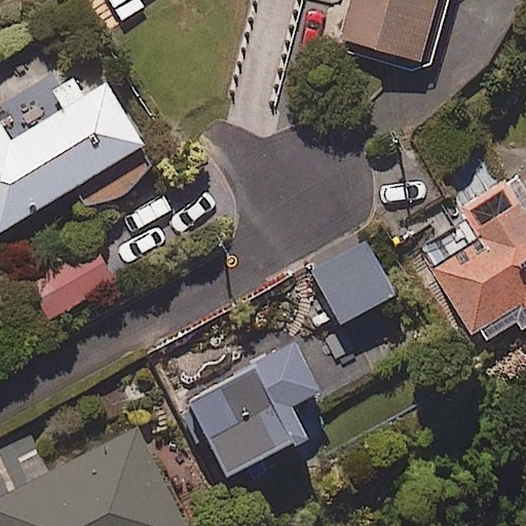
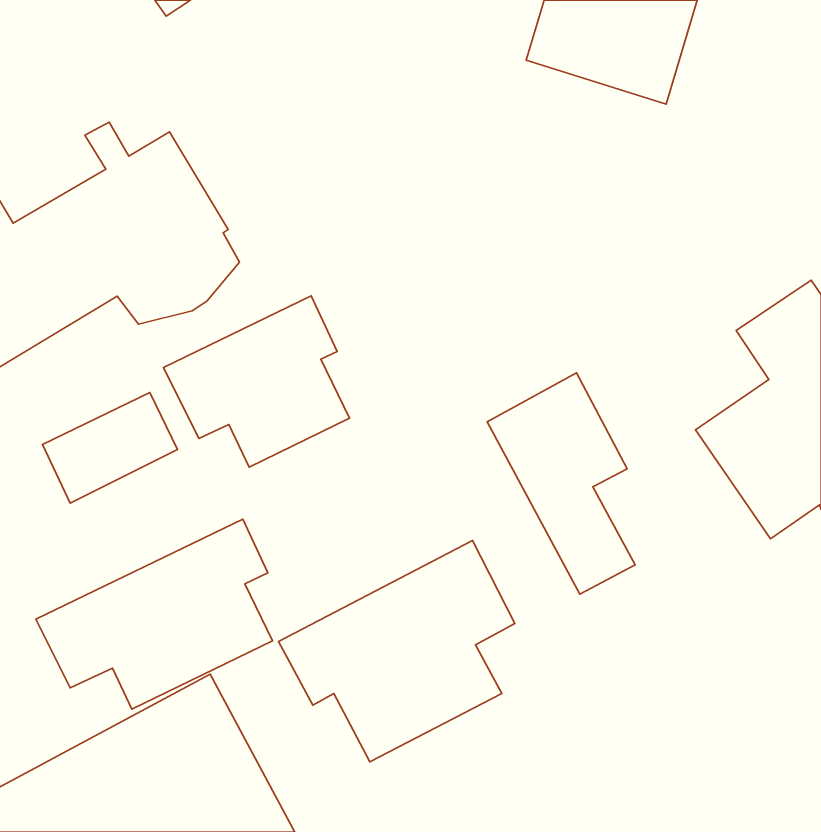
building: none -> [164,296,349,467]
building: none -> [36,519,272,709]

